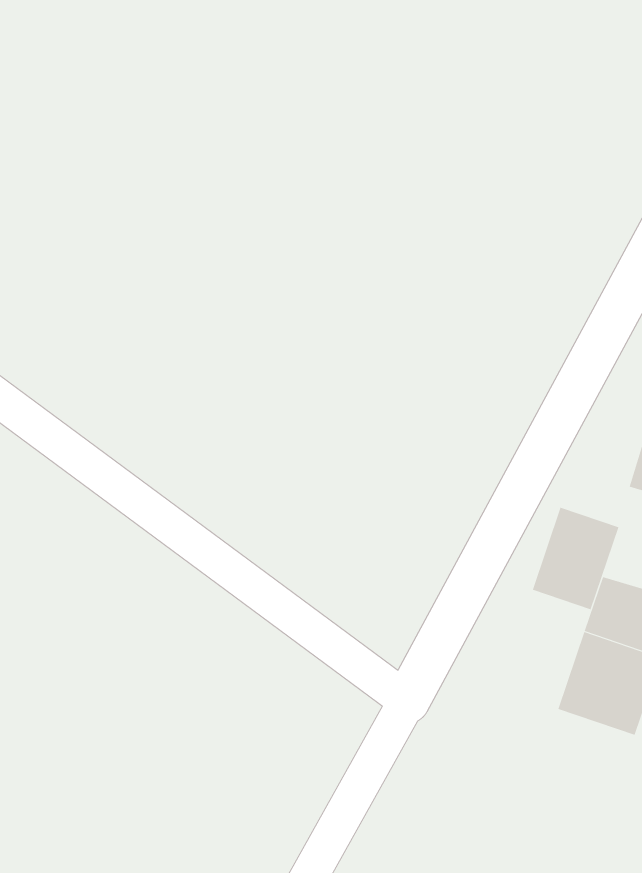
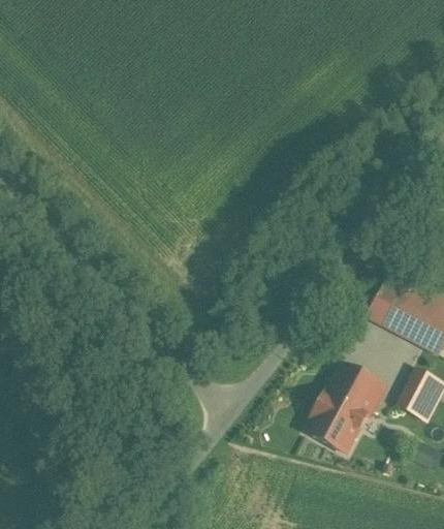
building: [532,507,619,610] -> none

